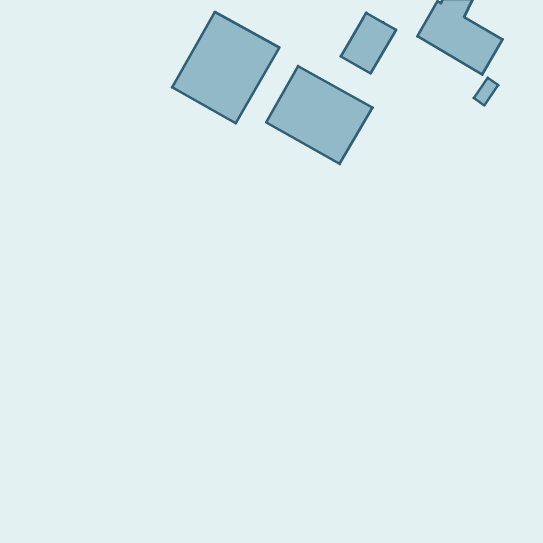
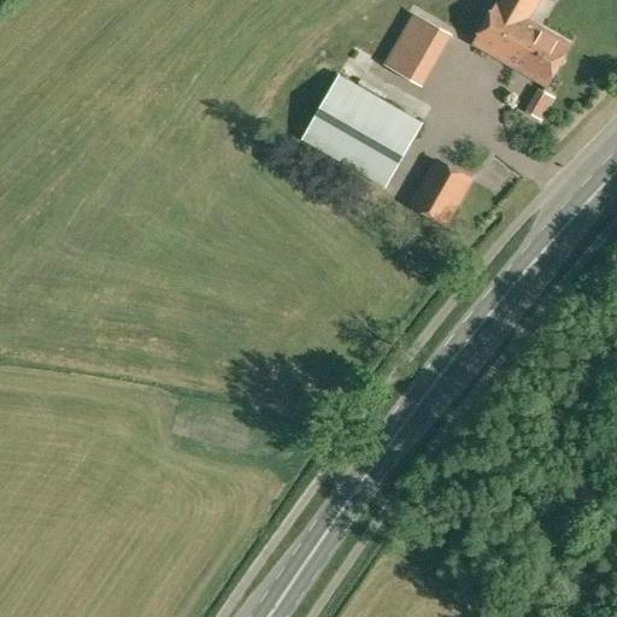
building: [172,12,279,123] -> none
building: none -> [411,159,469,223]

